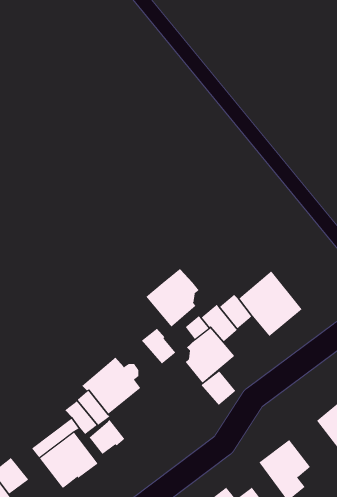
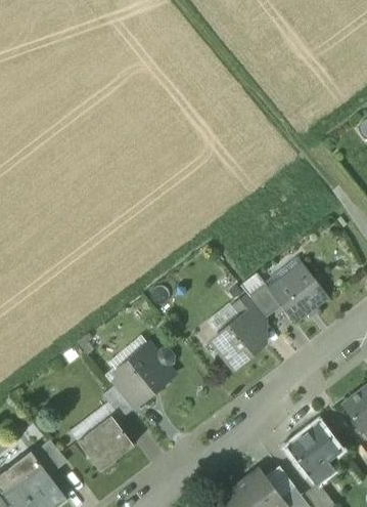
building: [145,268,200,328] -> none
building: [141,328,176,365] -> none
building: [201,371,236,406] -> none
building: [88,419,125,455] -> none

